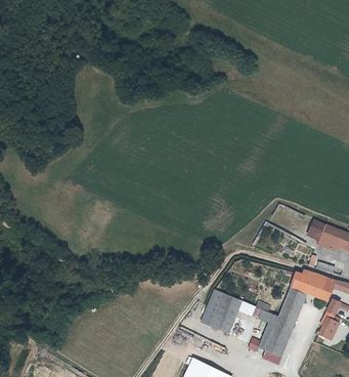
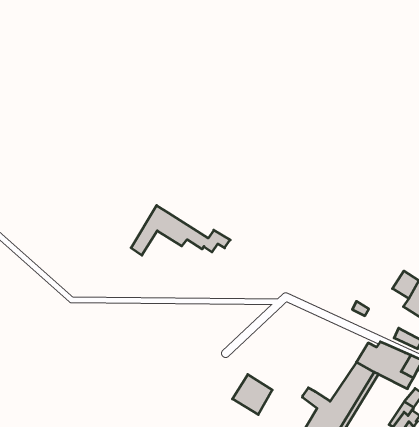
building: [201,289,268,325] -> [131,205,230,255]

